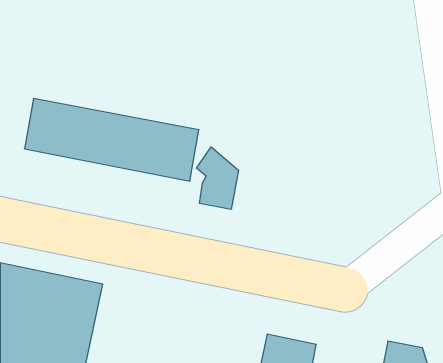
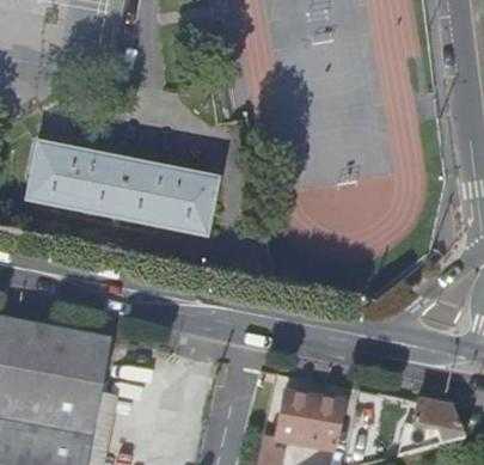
building: [196,147,239,209] -> none

